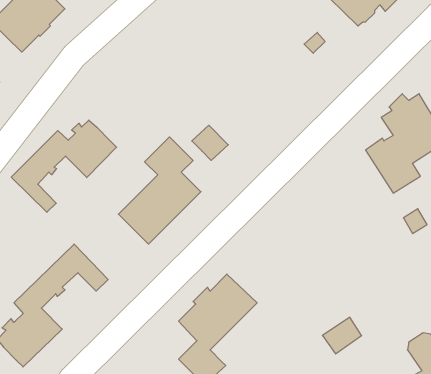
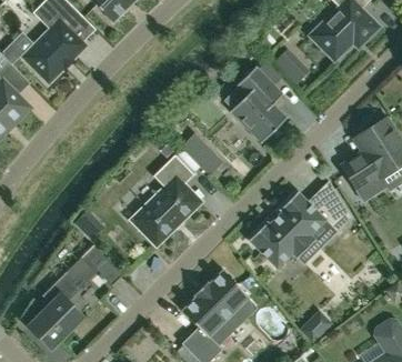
building: none -> [223,67,287,142]
building: [11,120,117,212] -> none
building: none -> [249,180,352,268]

